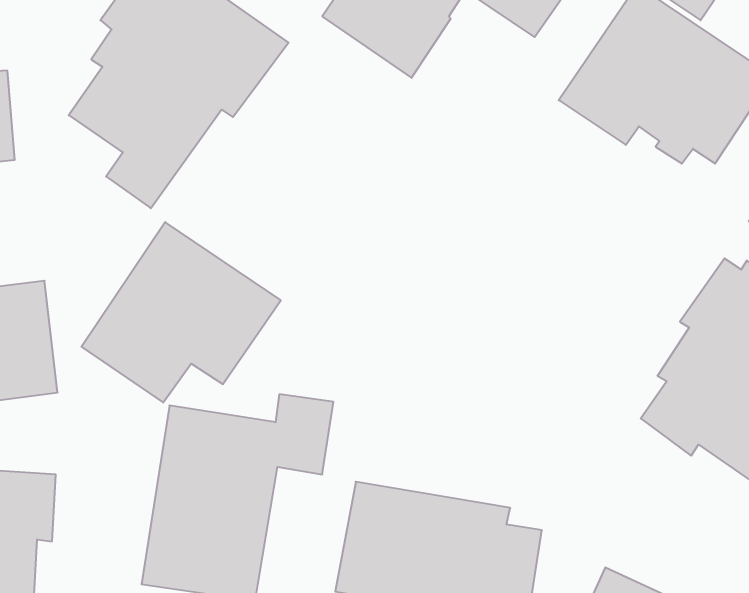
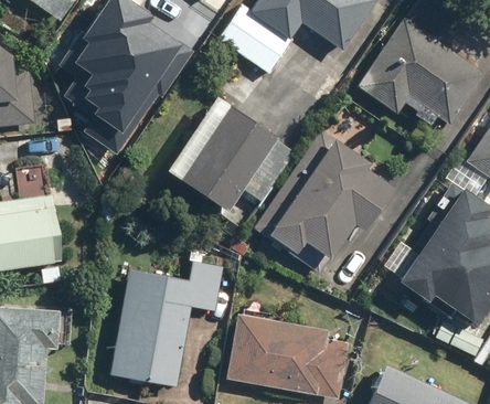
building: none -> [253,130,391,259]
building: [81,222,281,403] -> [170,102,288,209]

